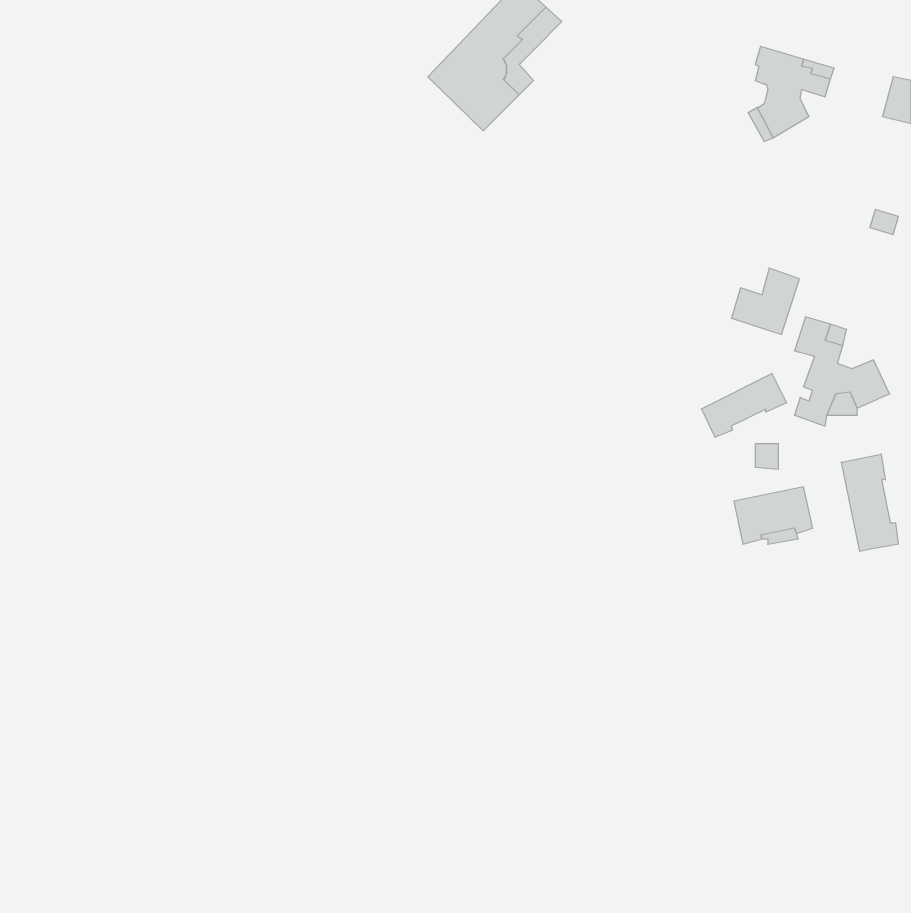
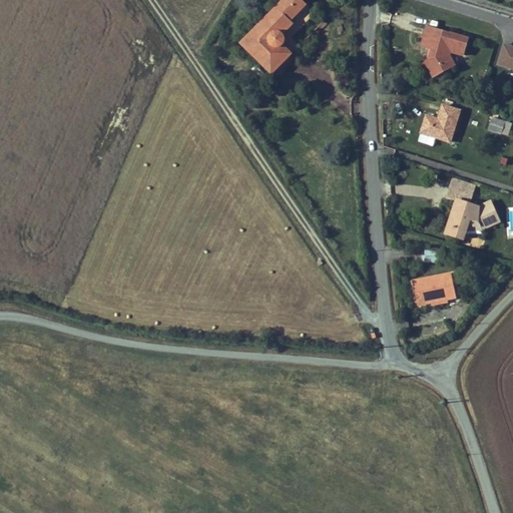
building: [731,268,799,334] -> [420,104,458,141]
building: [701,373,787,437] -> none
building: [841,454,898,551] -> none

